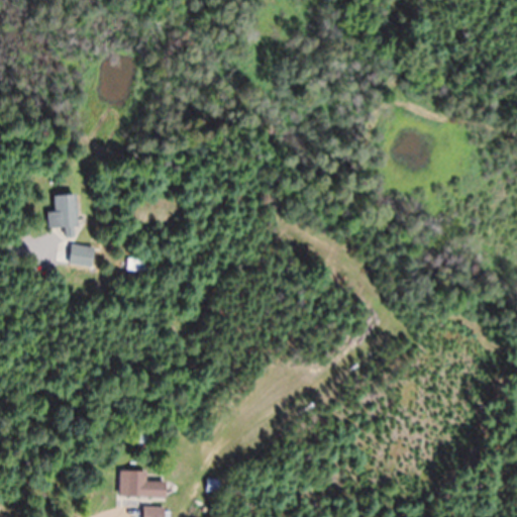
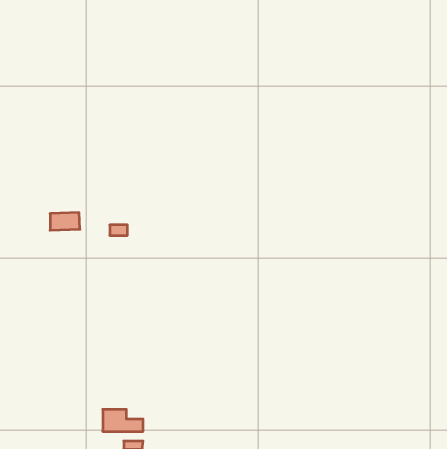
building: [47,194,79,236] -> none

